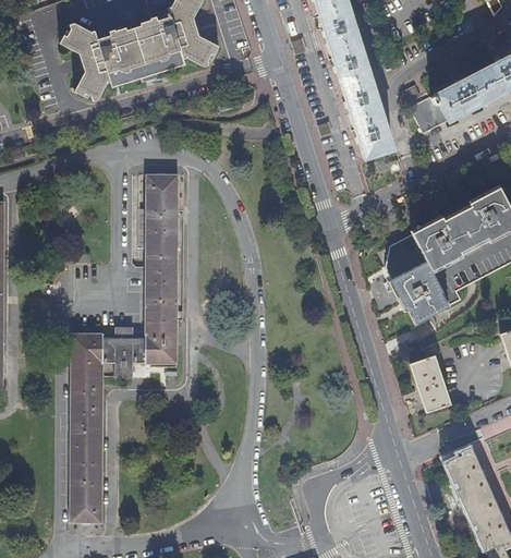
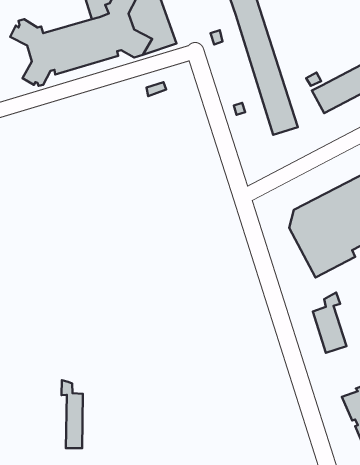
building: [68,177,177,523] -> none
building: none -> [62,380,83,448]

